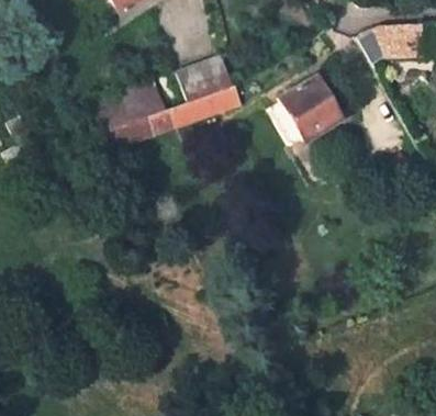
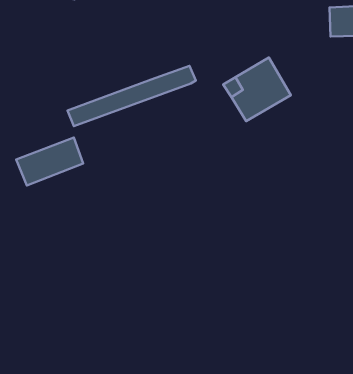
building: [183,56,234,101] -> none
building: [93,81,164,132] -> [16,138,83,185]

